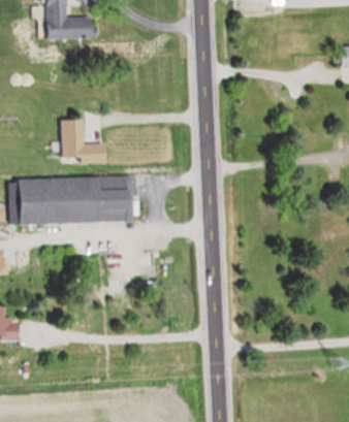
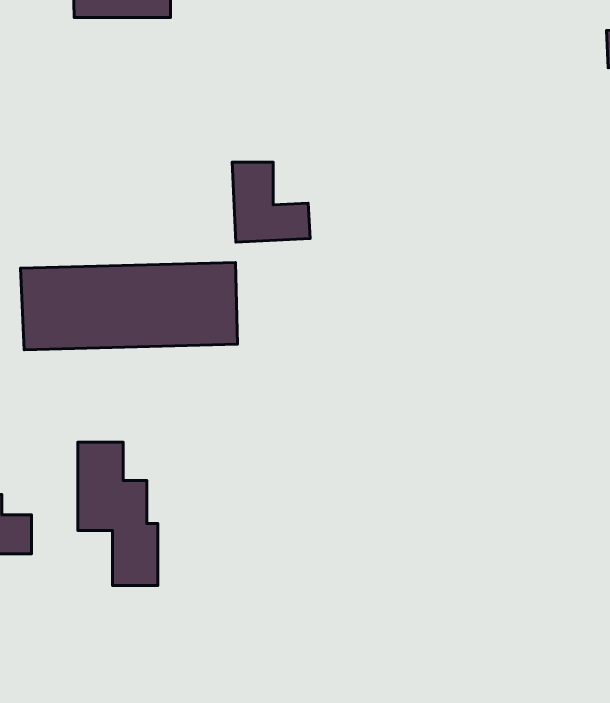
building: [62,119,105,163] -> [232,162,310,242]
building: none -> [78,442,158,585]

